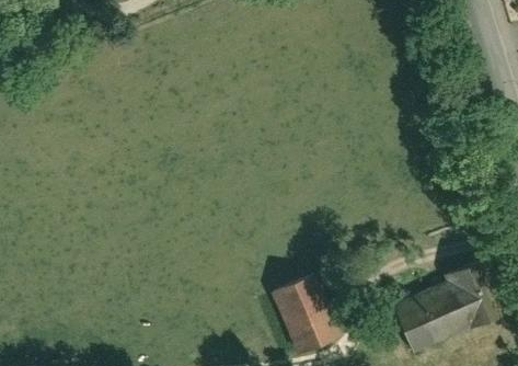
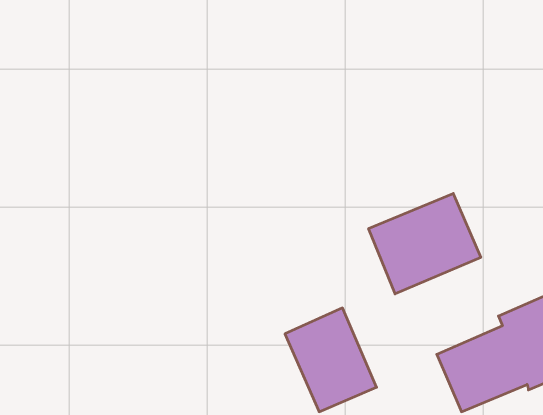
building: none -> [369,193,481,294]

